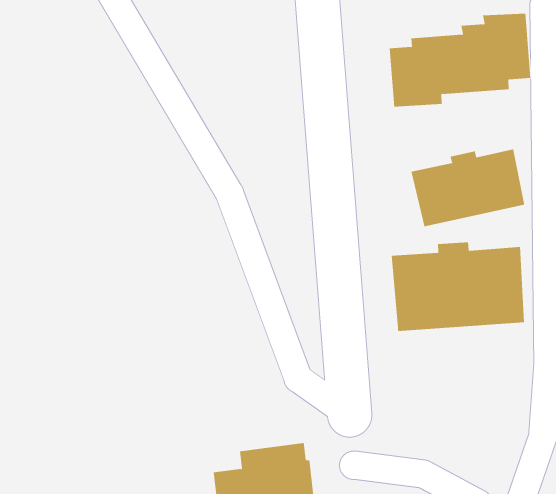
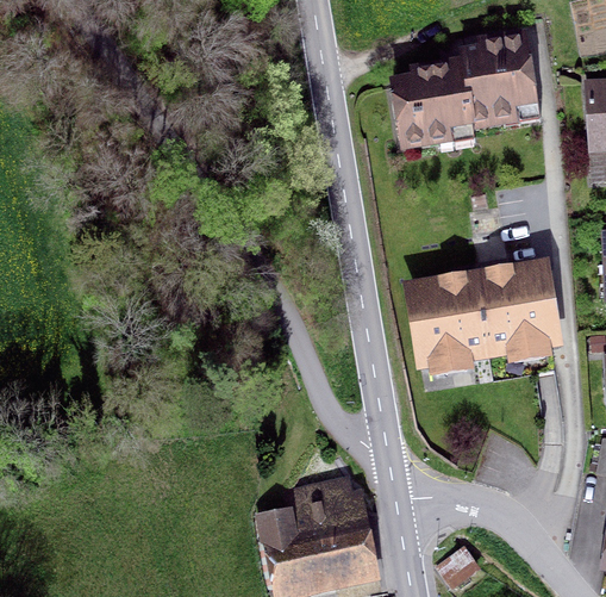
building: [411,149,525,227] -> none

